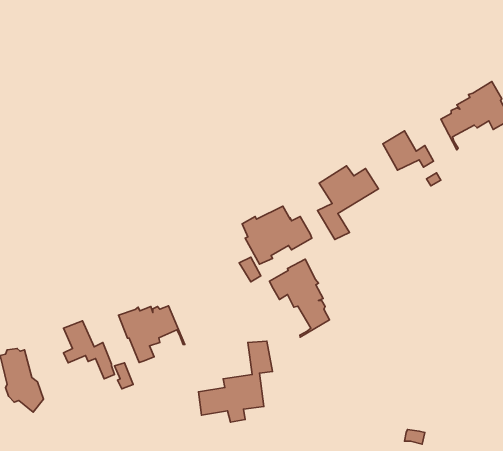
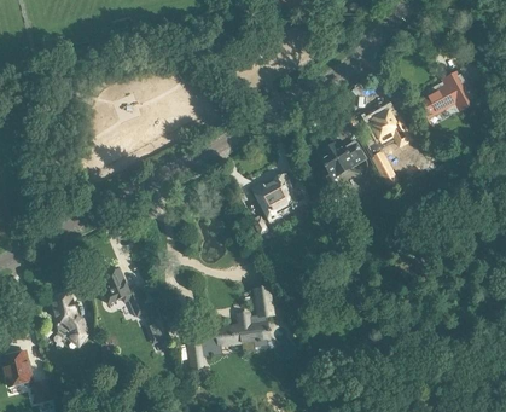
building: [270,259,330,337] -> none
building: [118,306,185,362] -> none

